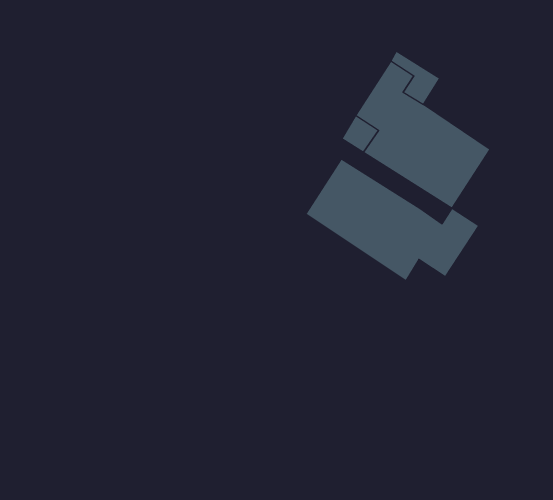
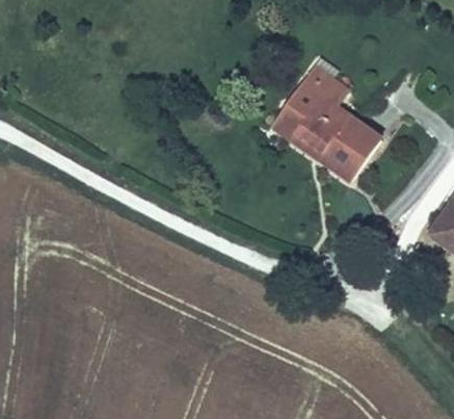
building: [306,159,479,281] -> none

